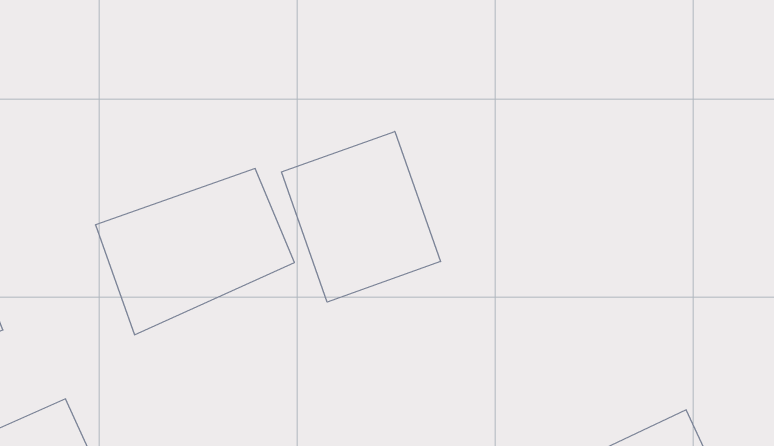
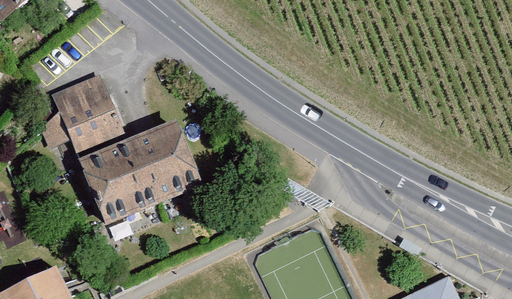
building: none -> [55,73,125,151]
building: [281,131,441,302] -> none

